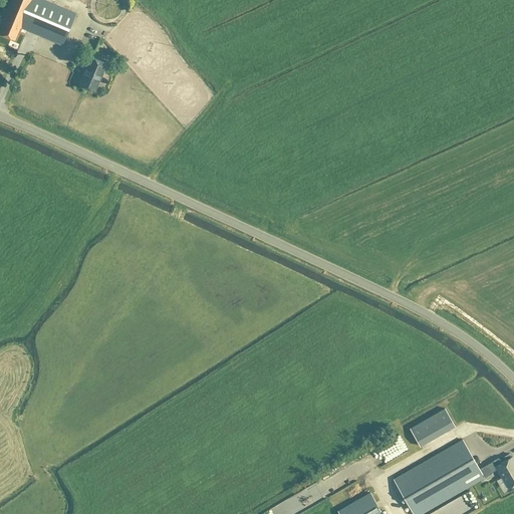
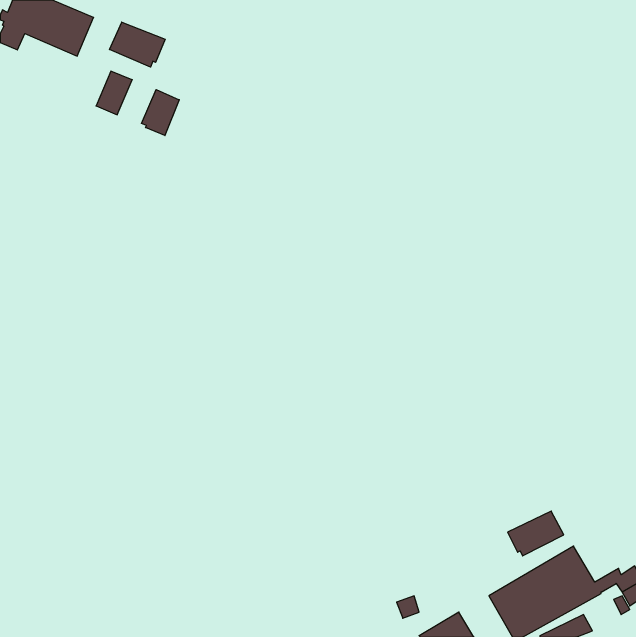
building: none -> [110,22,165,67]
building: none -> [142,90,179,136]

